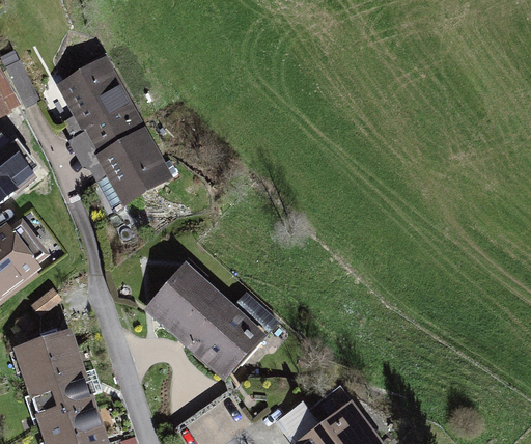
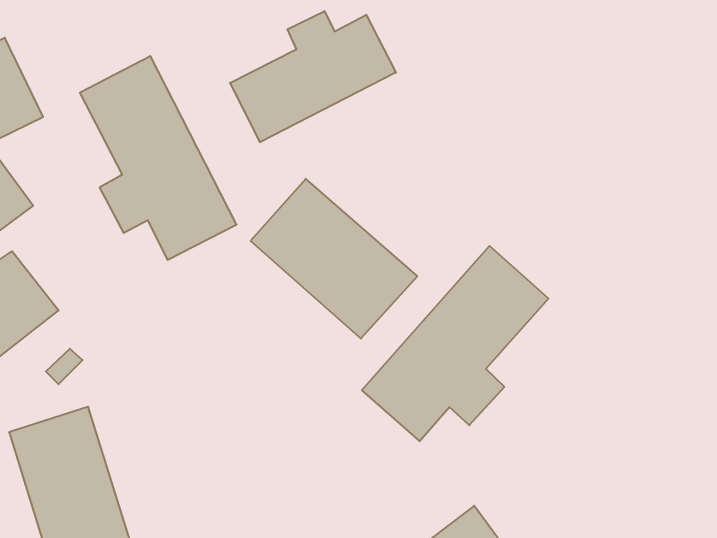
building: none -> [230,11,396,142]
building: none -> [362,246,548,441]
building: [146,268,269,385] -> [251,179,417,339]

